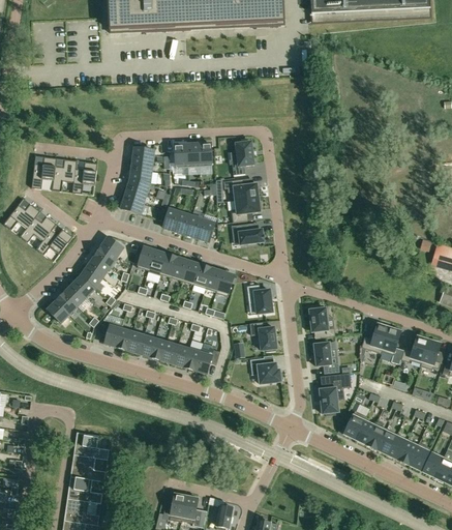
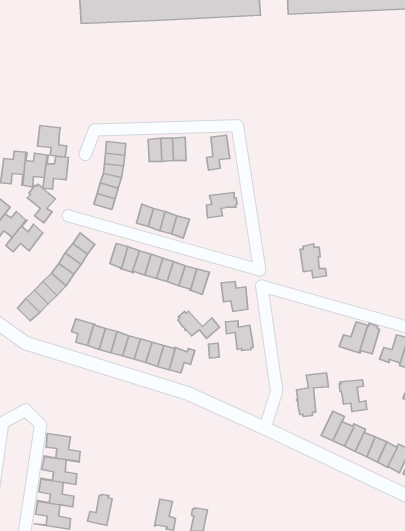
building: none -> [38,126,67,157]
building: [222,179,259,200] -> none
building: none -> [27,184,55,223]
building: [231,223,263,244] -> none
building: [308,304,334,337] -> [300,244,327,278]
building: none -> [178,311,219,338]
building: [311,342,338,373] -> [339,380,367,412]
building: [249,357,281,383] -> none
building: [161,492,185,522] -> [88,495,112,525]

